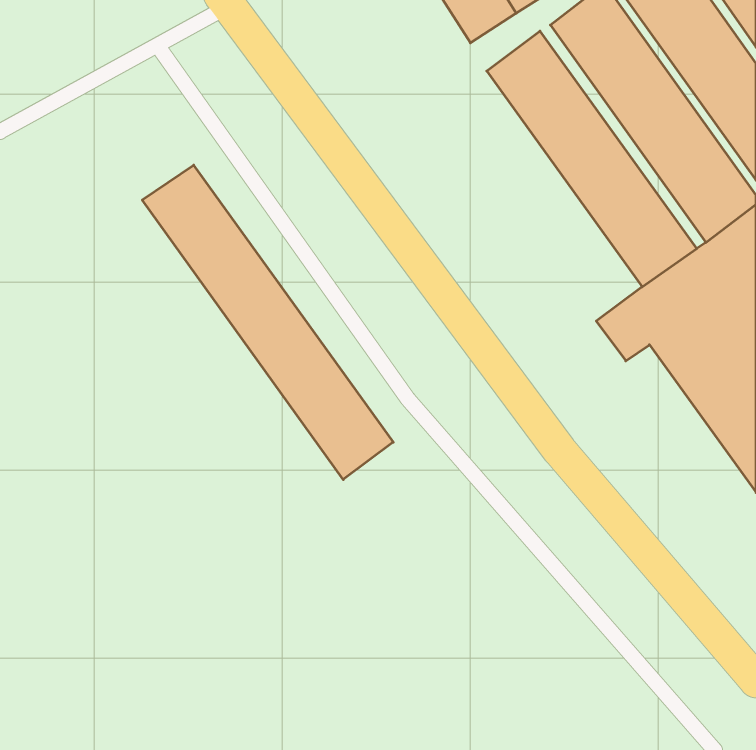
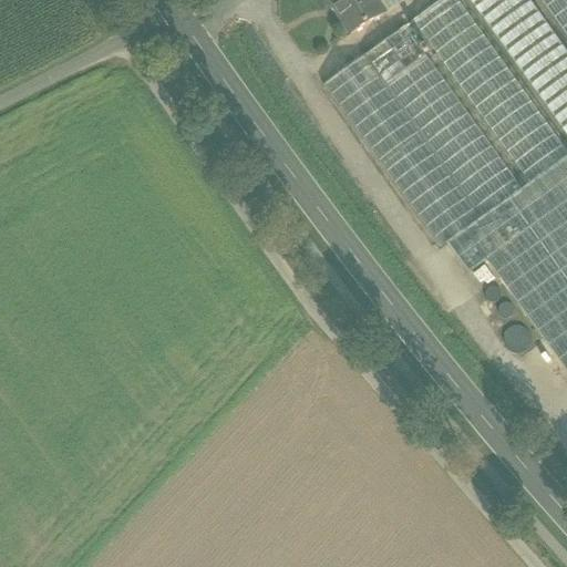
building: none -> [323,53,481,245]
building: [142,165,393,480] -> none

